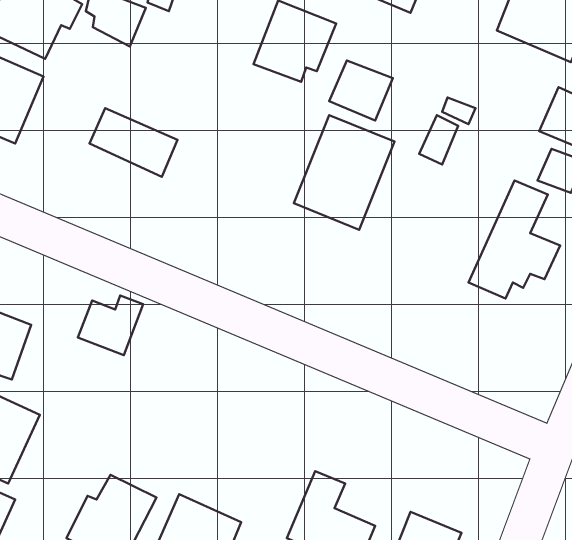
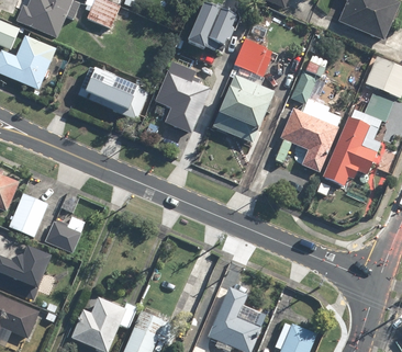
building: none -> [155,59,211,133]
building: none -> [278,107,337,171]
building: [78,295,143,355] -> [44,216,85,253]

